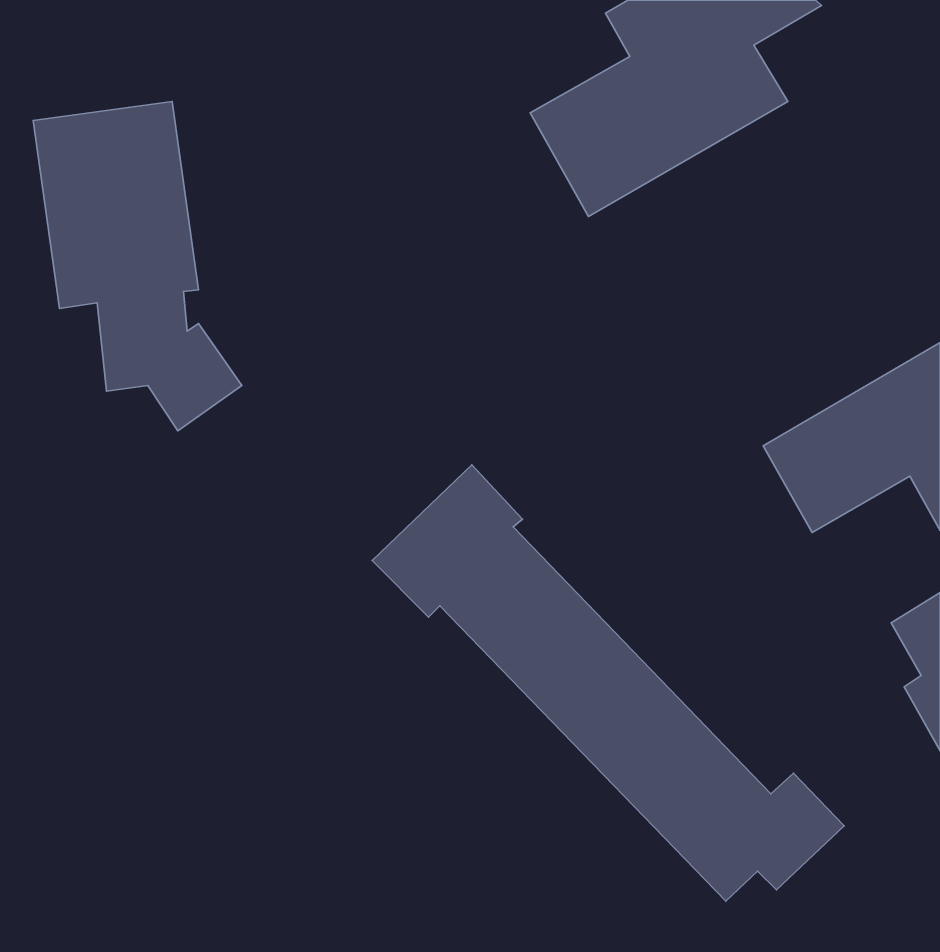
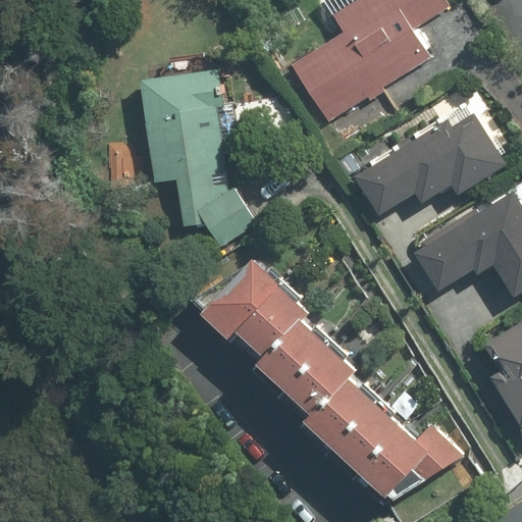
building: [33,102,242,431] -> [140,70,253,249]
building: none -> [355,113,505,215]

